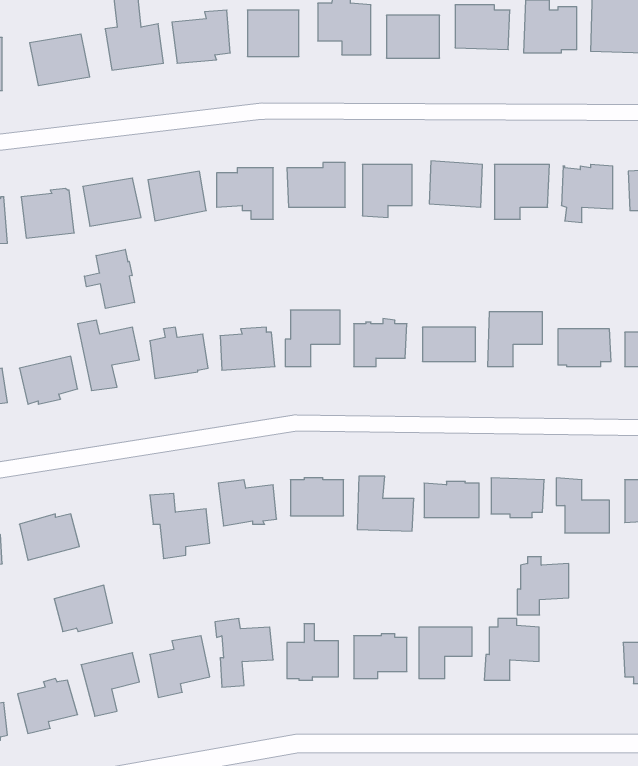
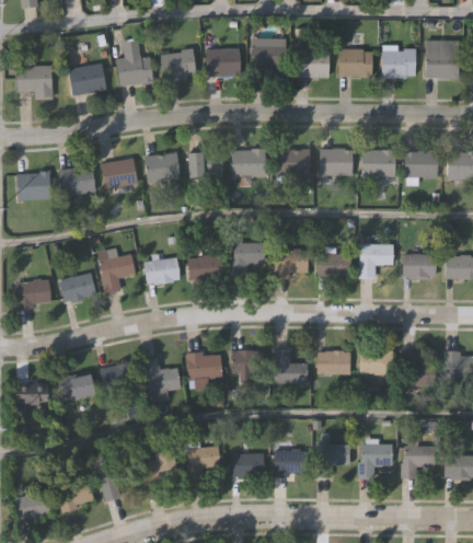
building: [84,249,135,308] -> none
building: [517,557,569,615] -> [401,441,434,478]
building: [54,585,112,632] -> [102,360,139,390]

